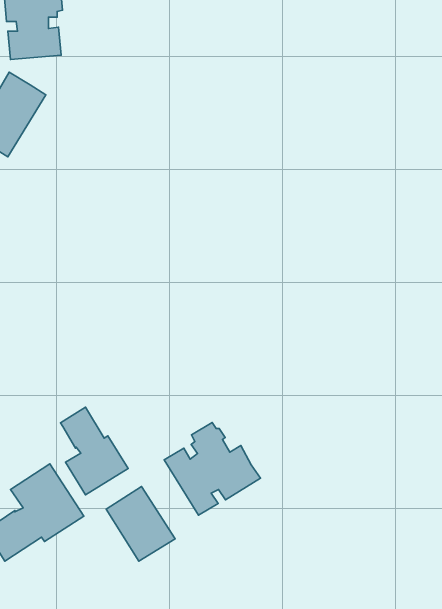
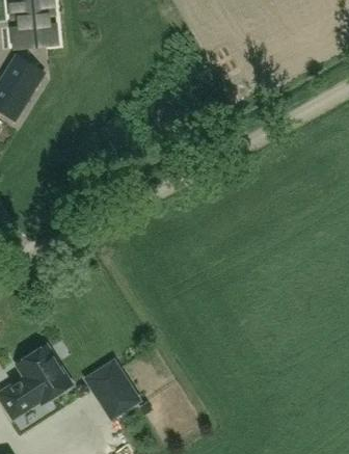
building: [61,407,128,495] -> none
building: [164,423,261,515] -> none

